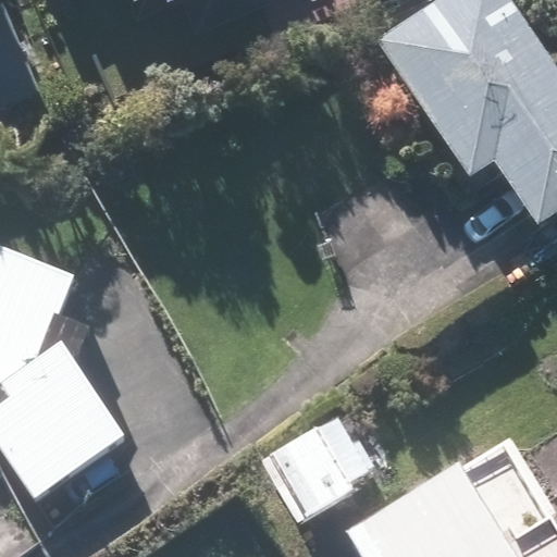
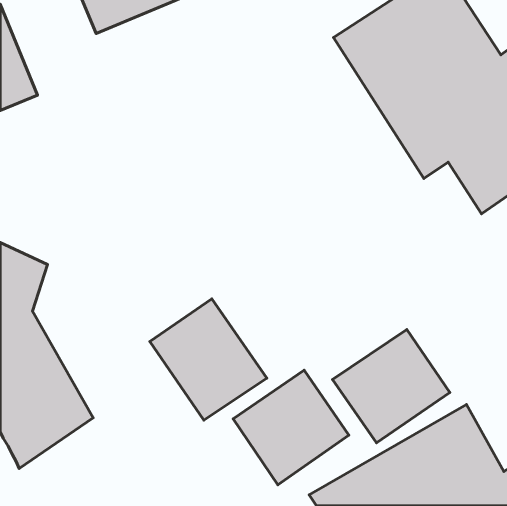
building: none -> [150,299,267,420]
building: none -> [333,330,450,443]

